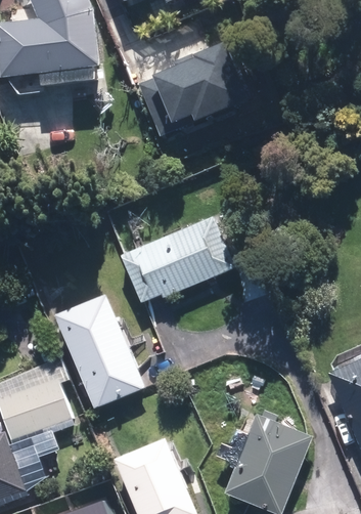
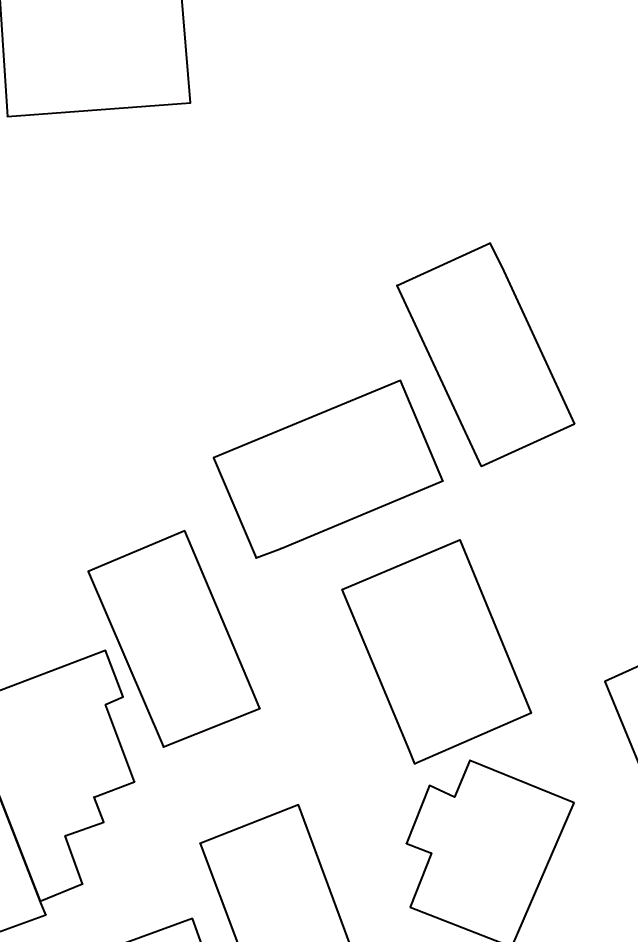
building: [138,38,263,143] -> none
building: none -> [397,243,574,466]
building: none -> [342,540,531,764]

